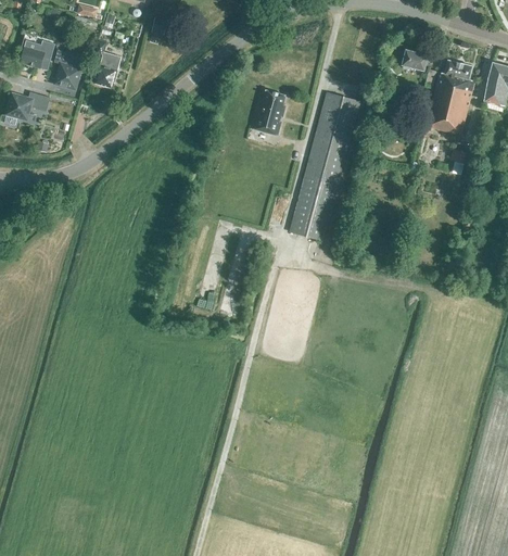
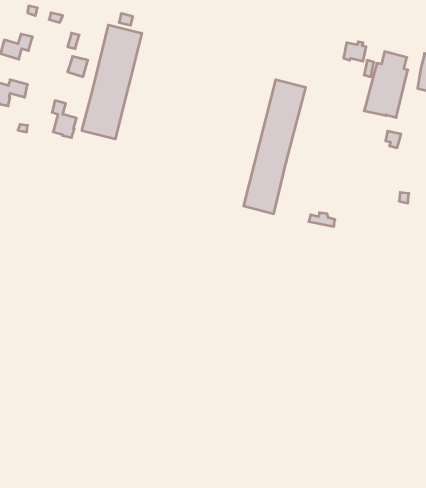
building: none -> [82,25,142,139]
building: [53,49,80,90] -> [52,101,76,138]
building: [251,89,284,136] -> none

